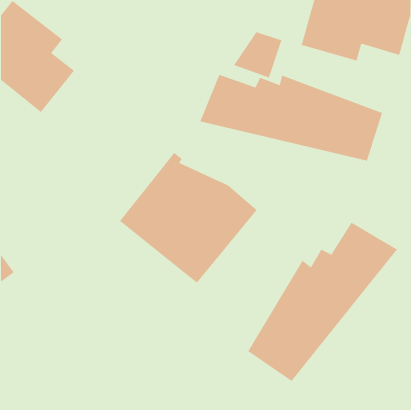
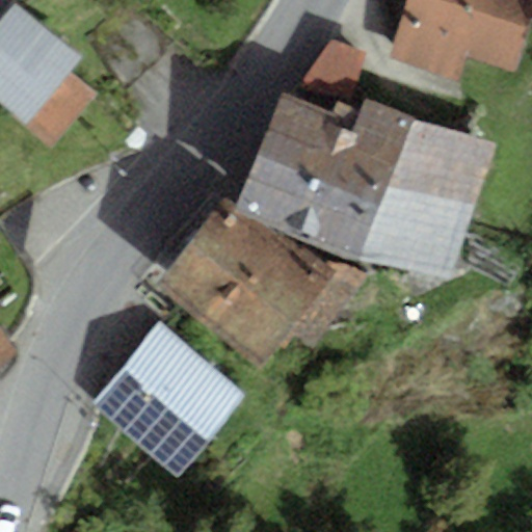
building: none -> [233,157,475,274]
building: [247,222,398,382] -> none
building: none -> [89,321,246,477]

